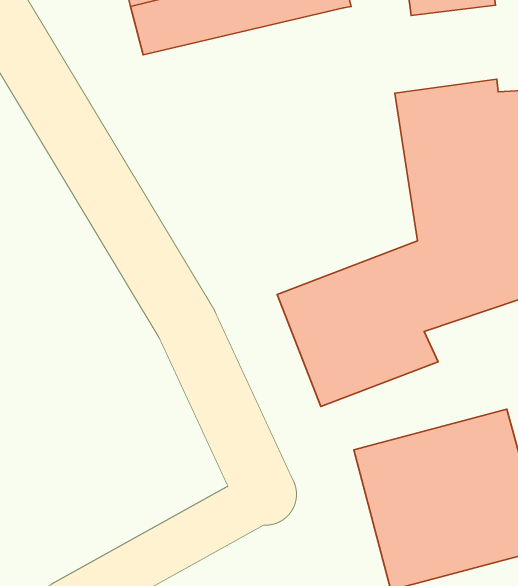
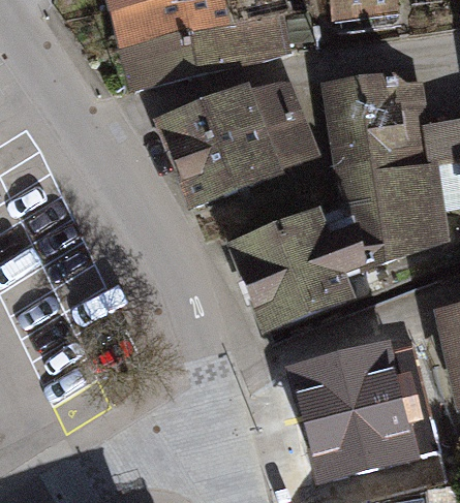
building: none -> [119,9,292,90]
building: none -> [155,72,326,209]

